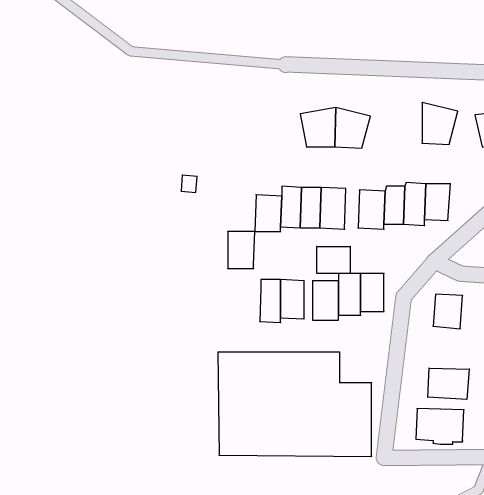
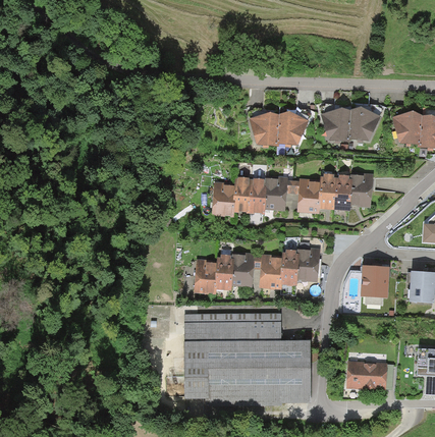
building: none -> [322,107,351,141]
building: [228,232,255,269] -> [196,261,218,291]
building: [317,246,350,273] -> none
building: [428,368,469,399] -> none

